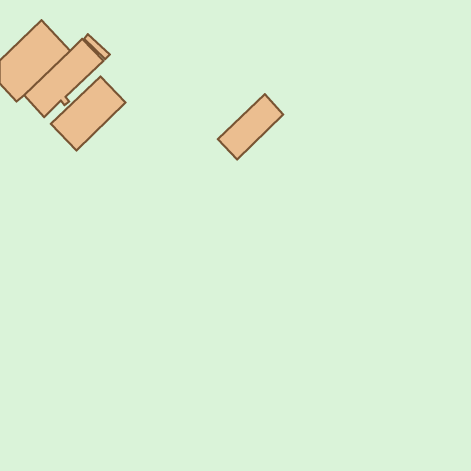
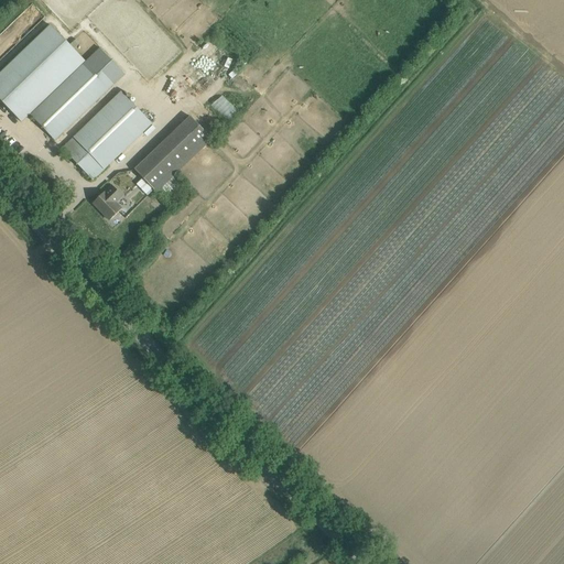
building: [218,94,283,160] -> [132,115,210,193]
building: none -> [91,184,121,219]

